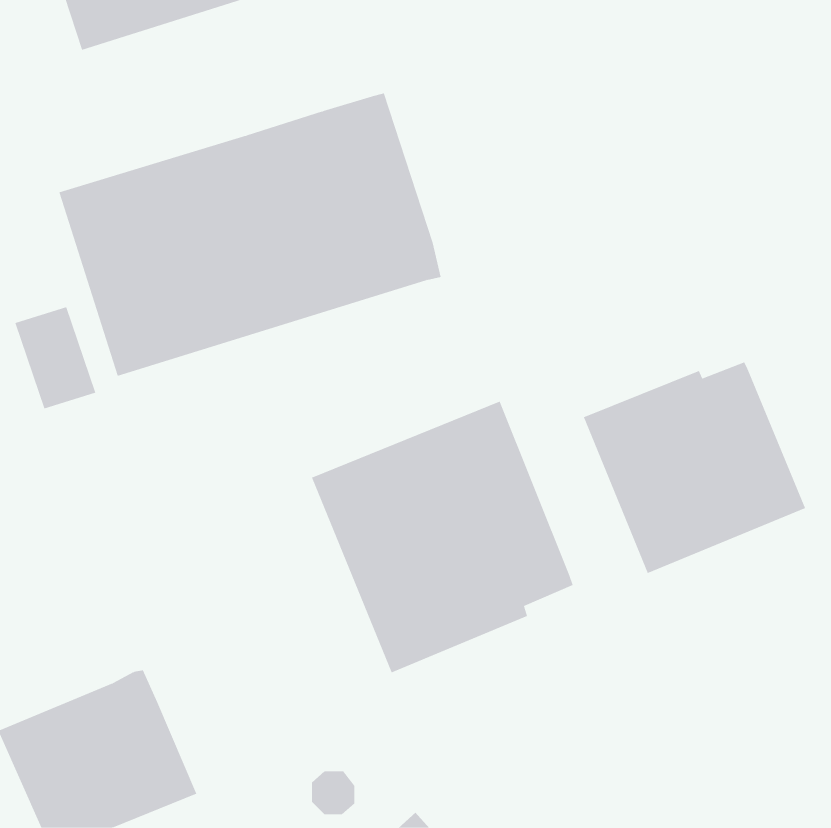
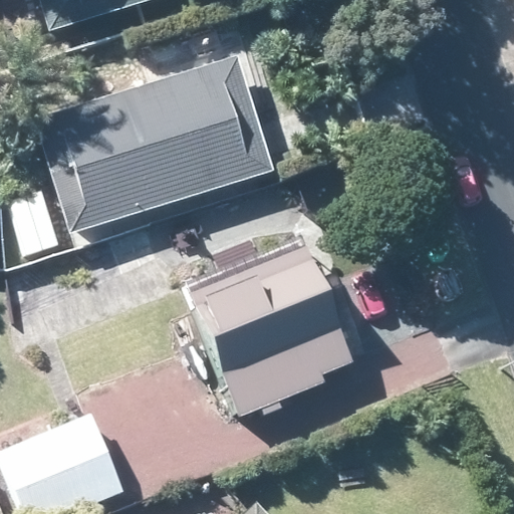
building: [583,362,806,574] -> none

